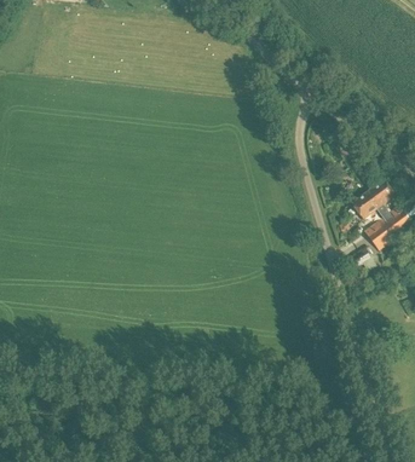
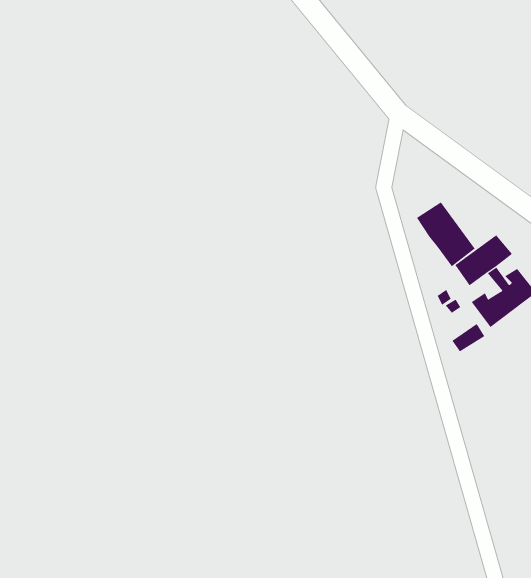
building: none -> [416,202,475,267]

